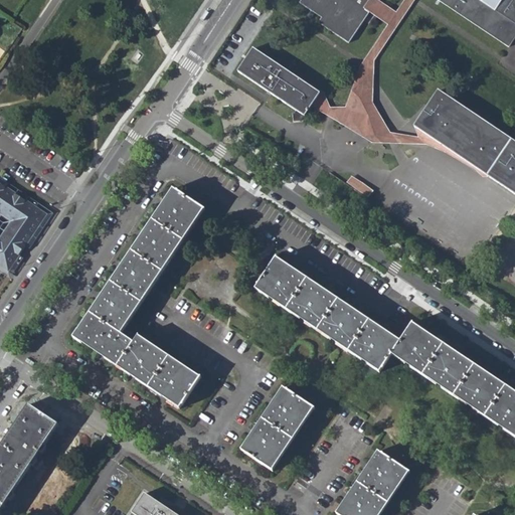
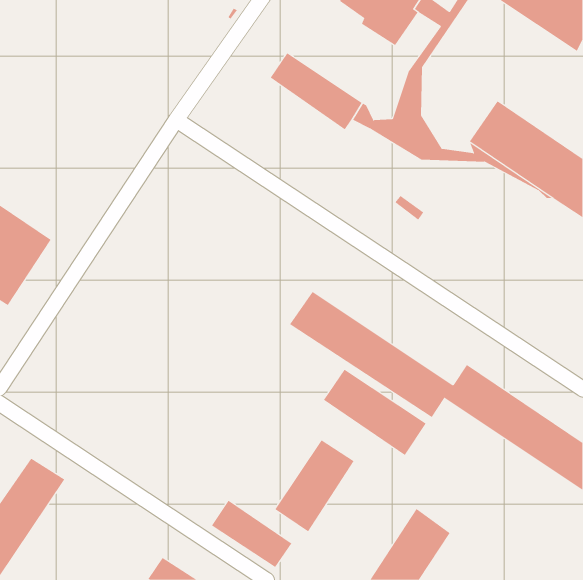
building: [71,188,202,405] -> none
building: none -> [323,369,427,456]
building: none -> [211,500,292,568]

